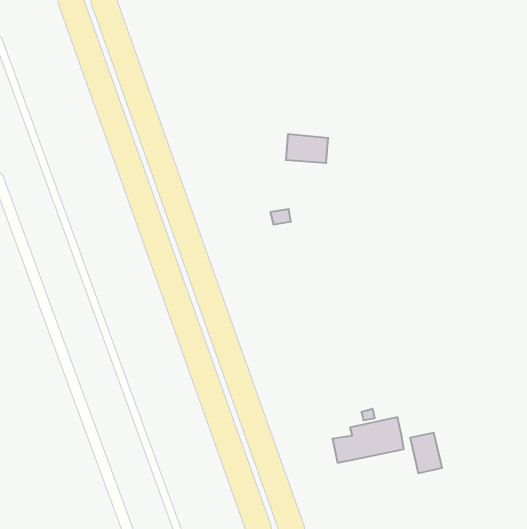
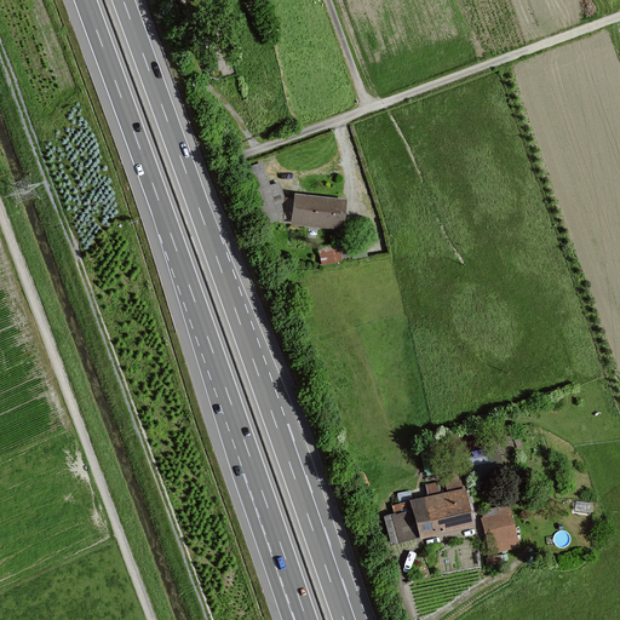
building: [286,134,328,163] -> [293,194,343,228]

